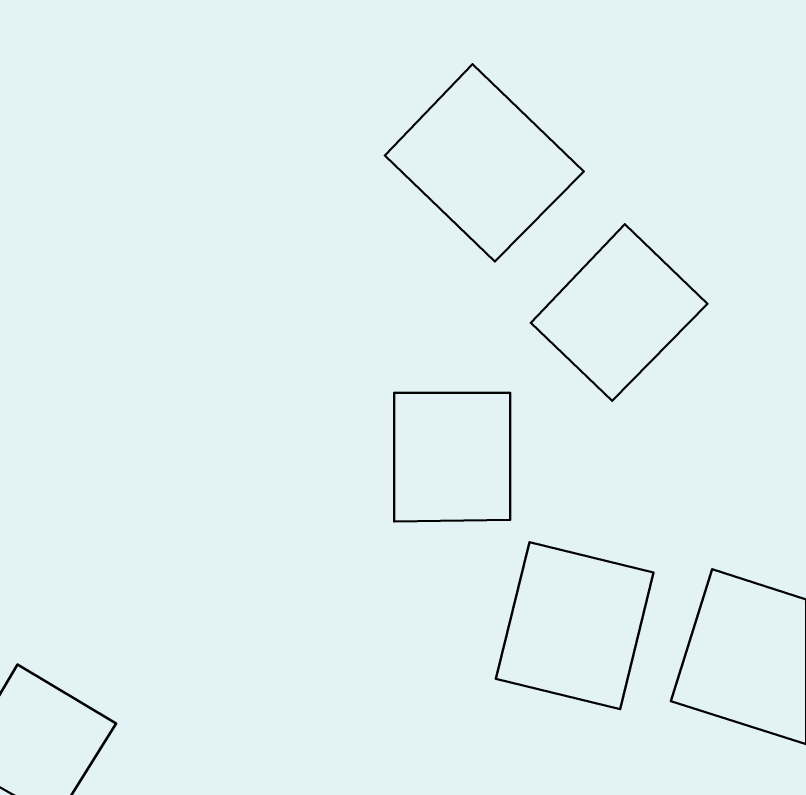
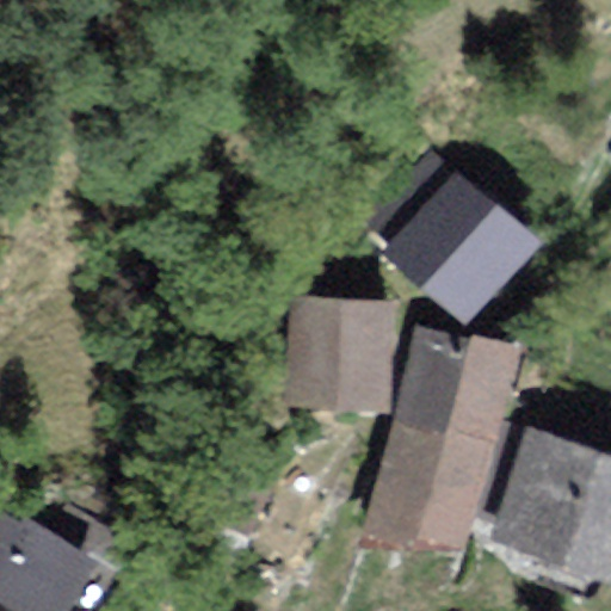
building: [385,64,584,261] -> none
building: none -> [397,339,511,443]

